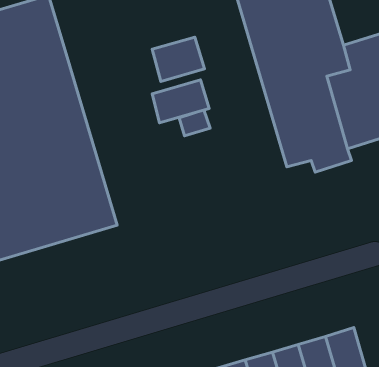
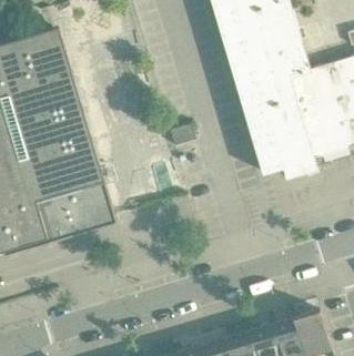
building: [152,37,204,82] -> none
building: [152,80,209,123] -> none

